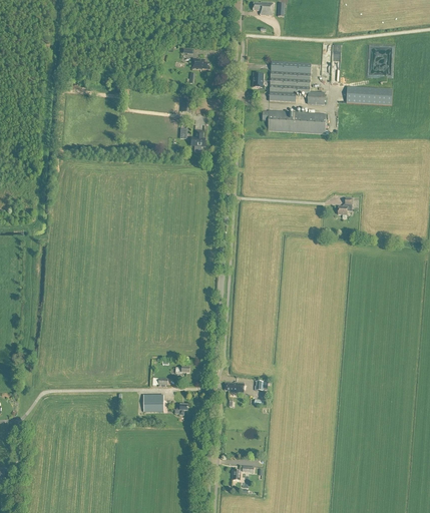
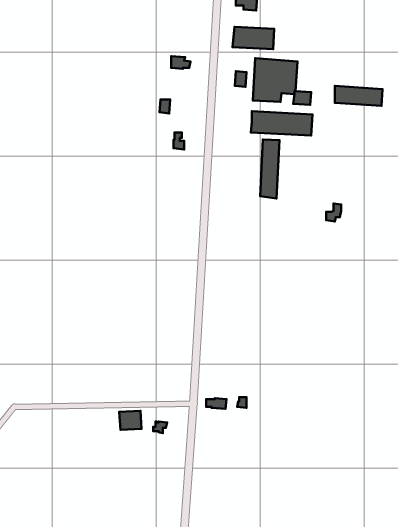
building: none -> [233,27,274,49]
building: none -> [260,139,280,199]

